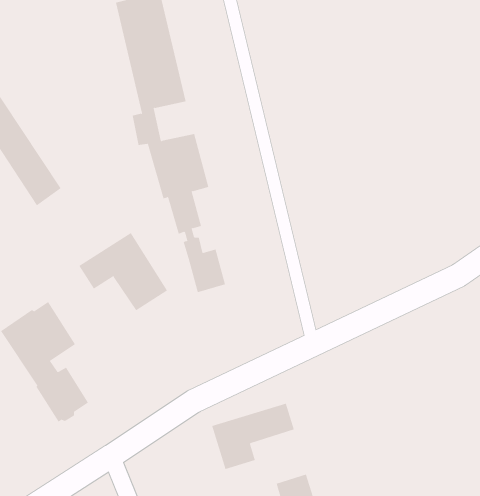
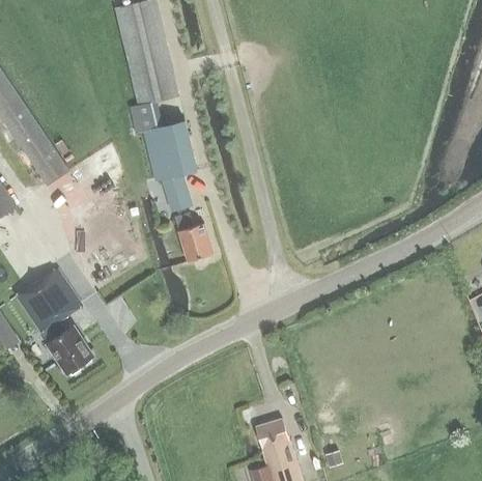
building: [79,232,168,311] -> none
building: [211,403,294,470] -> none

